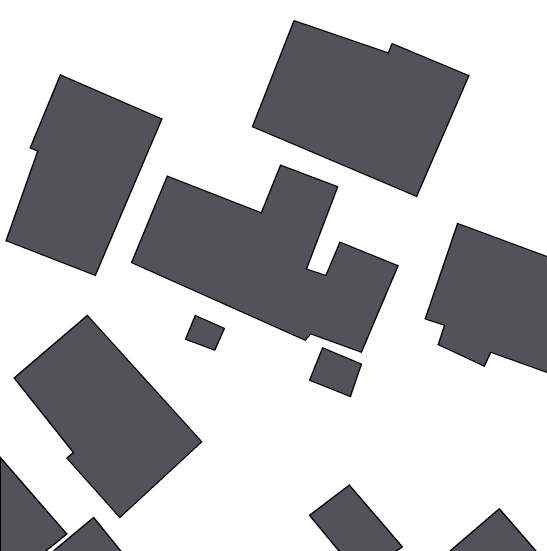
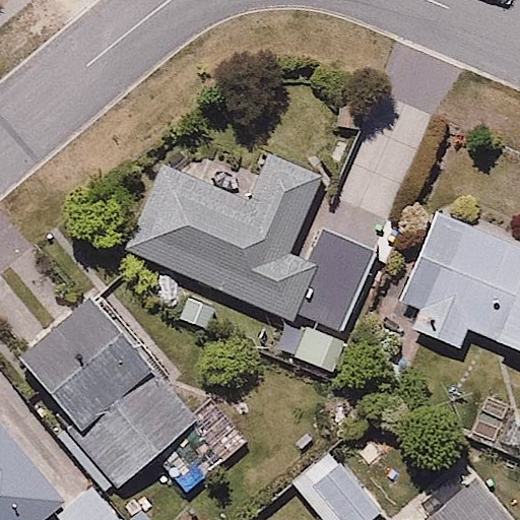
building: [252,21,469,197] -> none
building: [6,75,162,276] -> none

